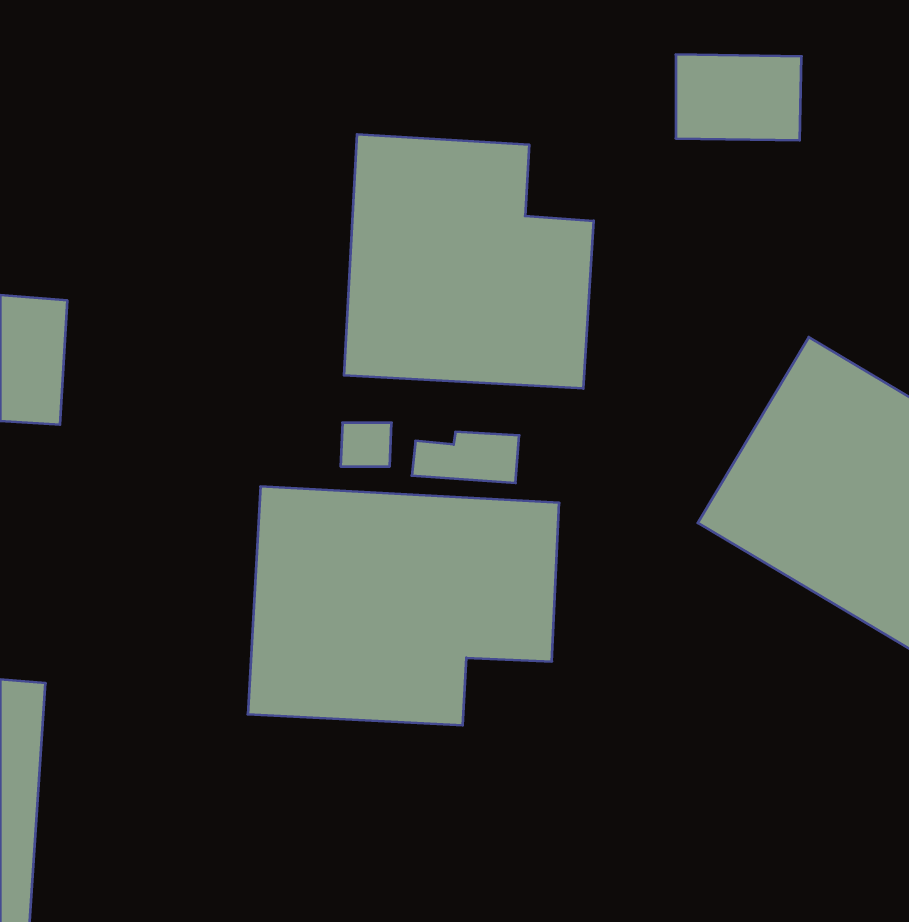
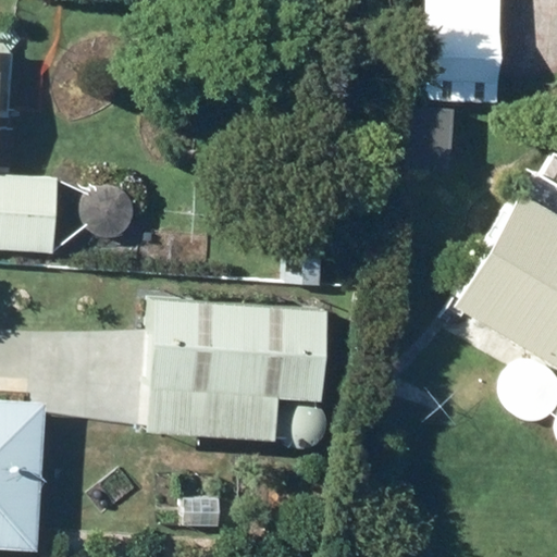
building: [344,134,594,389] -> none

